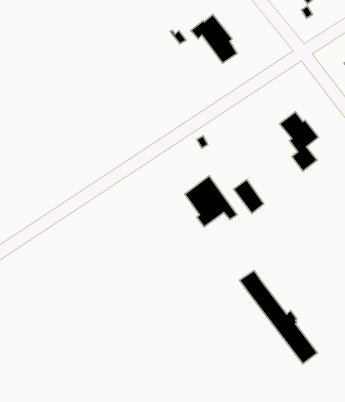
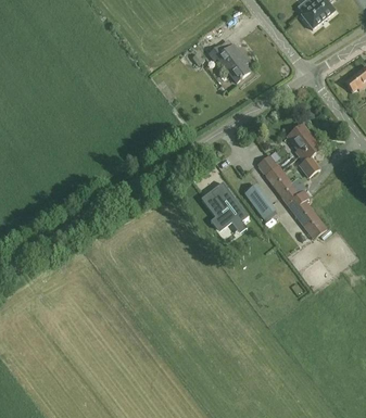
building: [240,270,317,364] -> [256,154,326,238]

